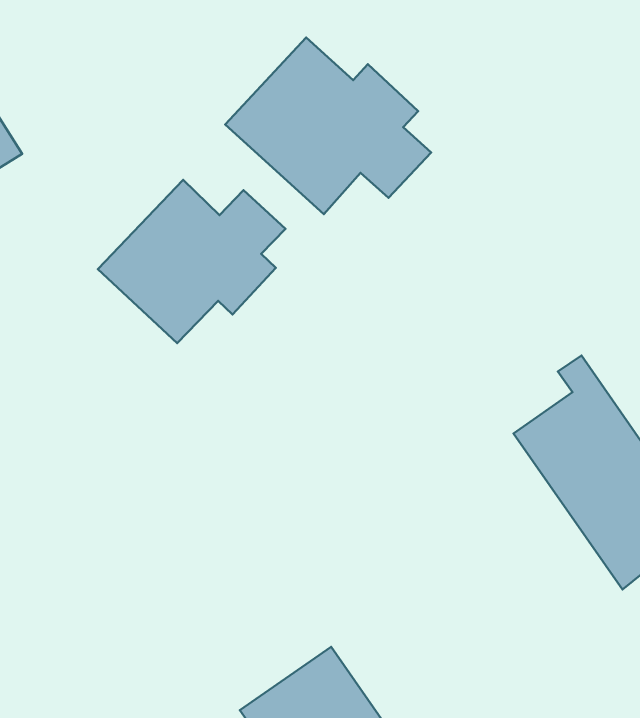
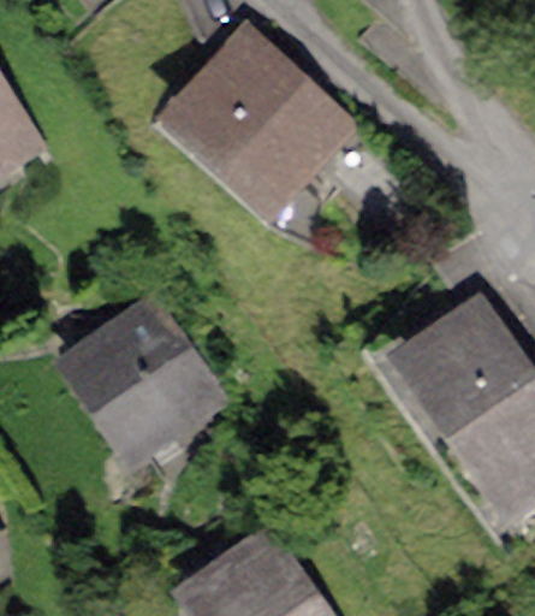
building: [98,180,286,343] -> none
building: none -> [78,310,214,450]

